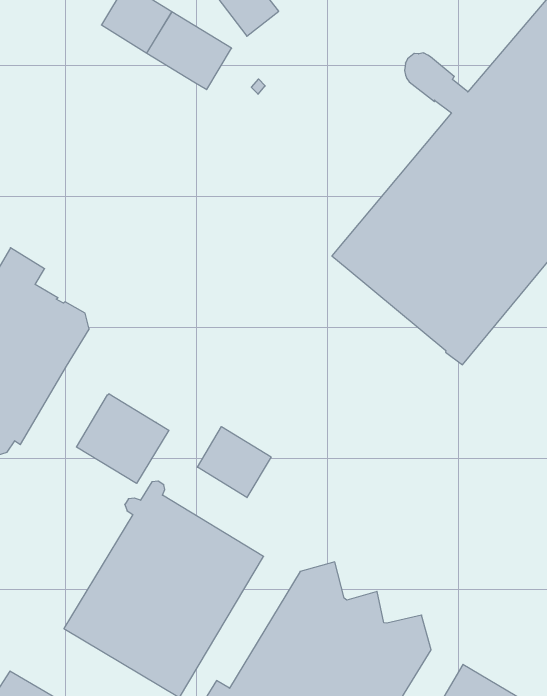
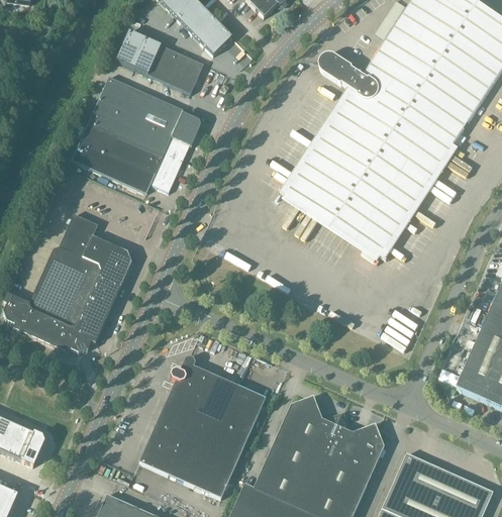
building: none -> [72,77,201,193]
building: [76,394,169,483] -> none
building: [197,427,271,498] -> none

